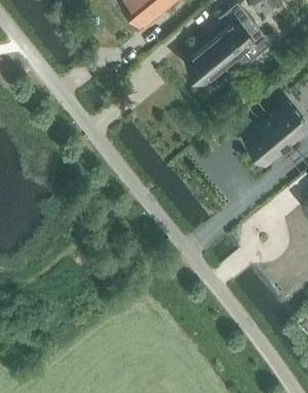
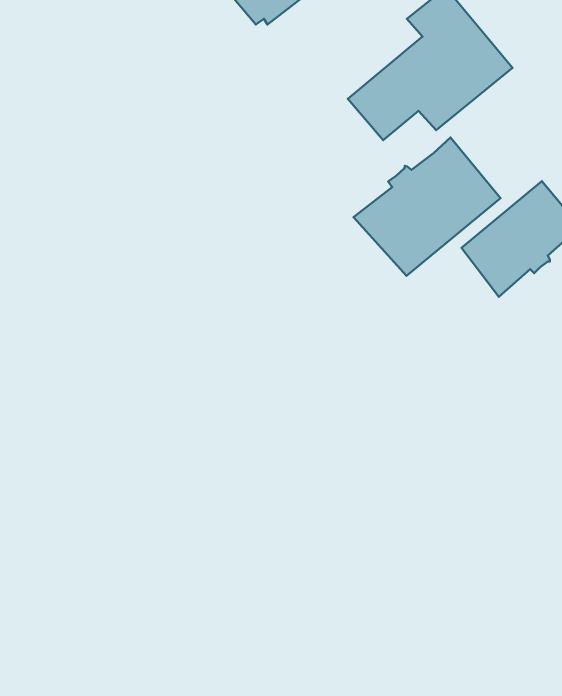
building: none -> [354,137,500,276]

